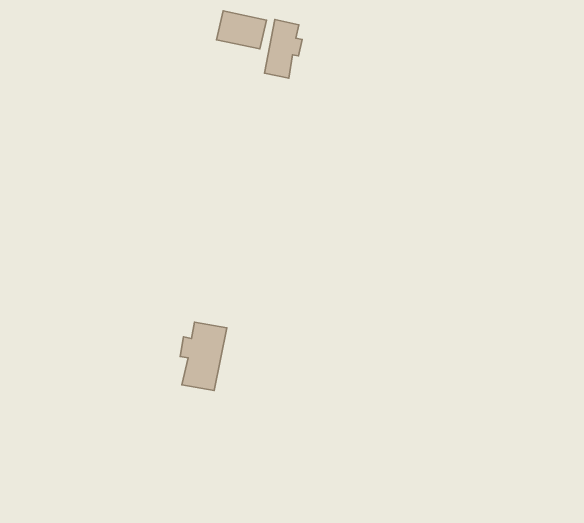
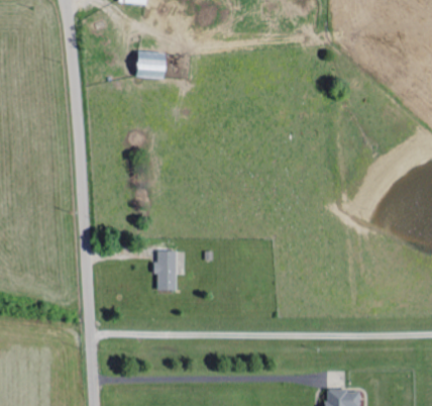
building: [265,20,302,78] -> none

